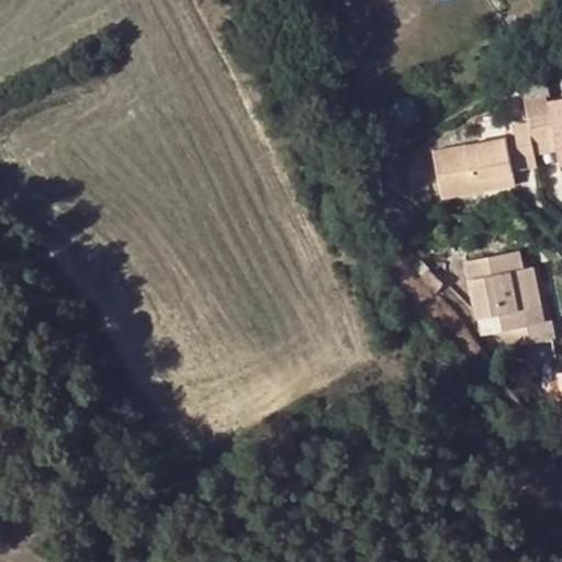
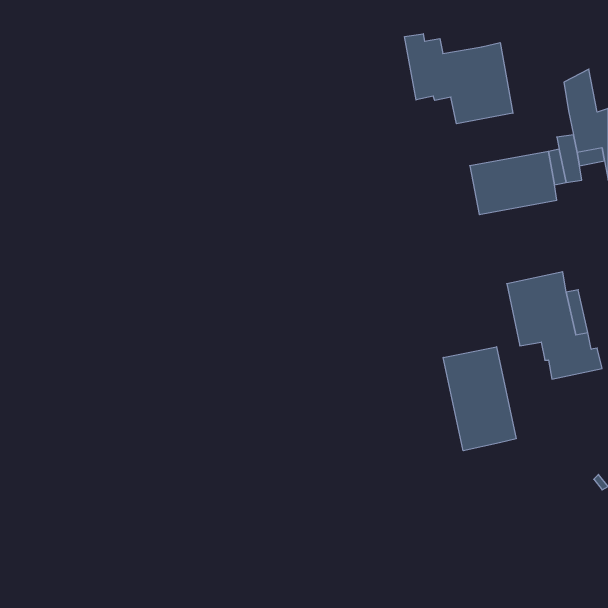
building: none -> [405,34,513,124]
building: none -> [443,347,516,451]

